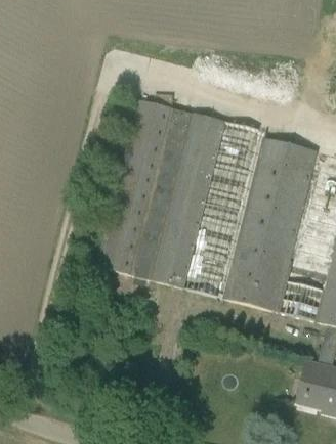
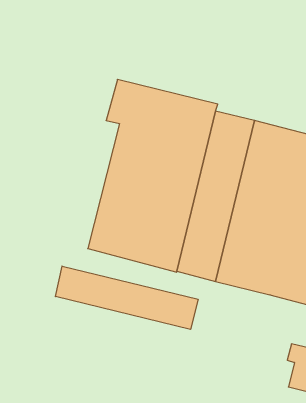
building: none -> [55,266,198,329]

